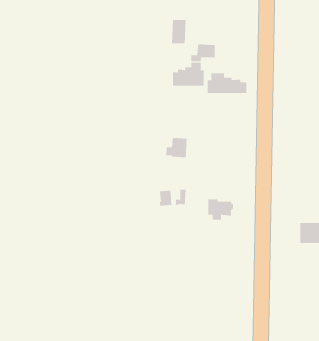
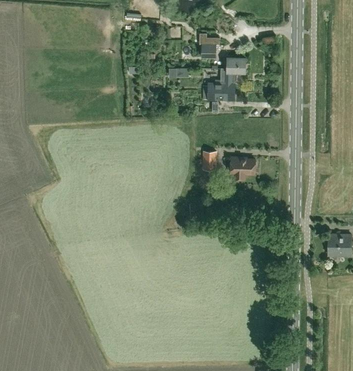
building: [207,72,247,94] -> none
building: [208,199,234,220] -> [231,158,257,179]

